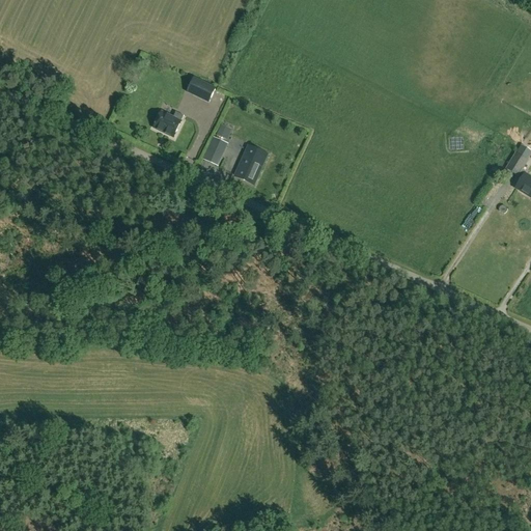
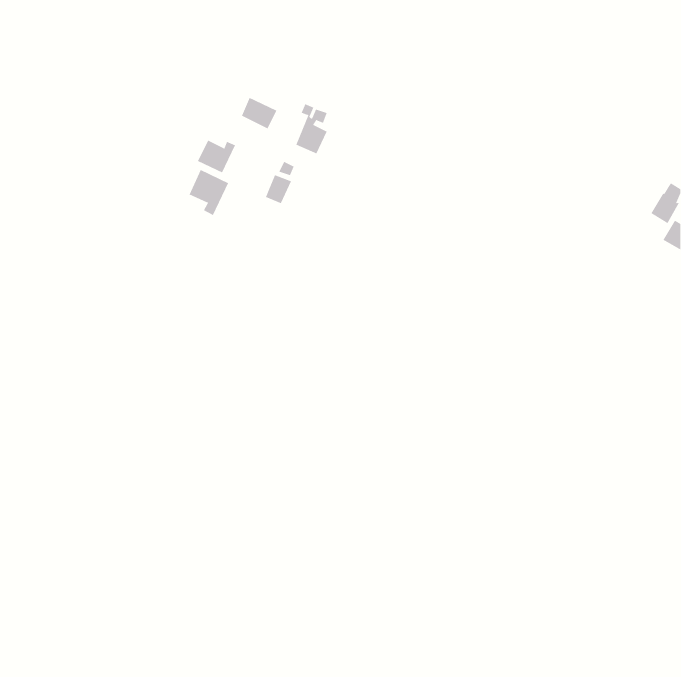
building: none -> [189,169,229,216]
building: [236,142,261,181] -> [295,103,327,154]

